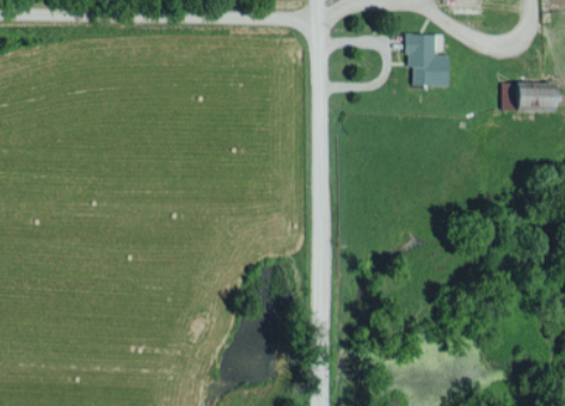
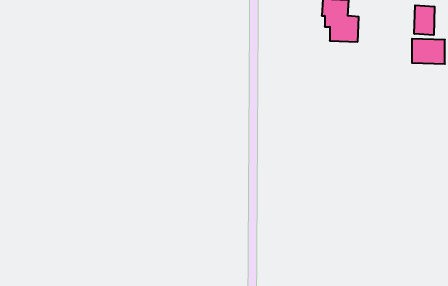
building: none -> [414,5,435,35]

